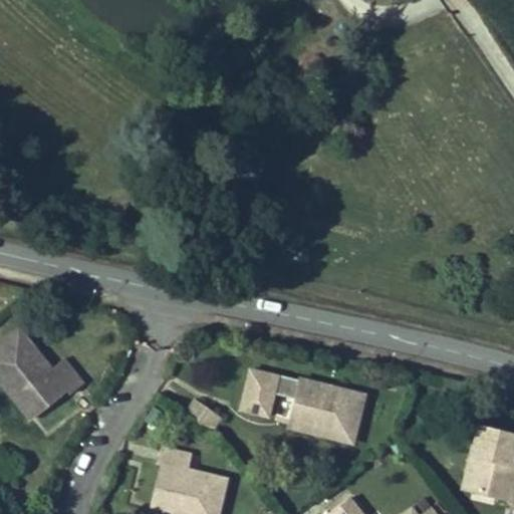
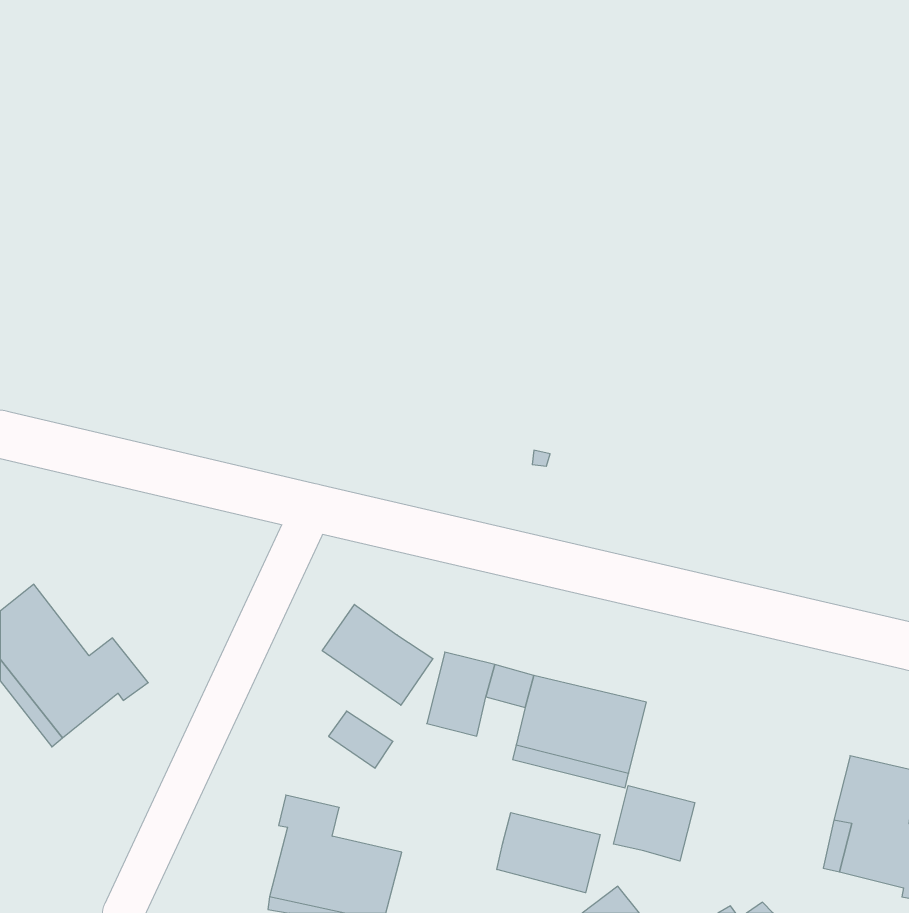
building: none -> [322,604,433,705]
building: none -> [613,786,695,861]
building: none -> [497,813,600,893]

